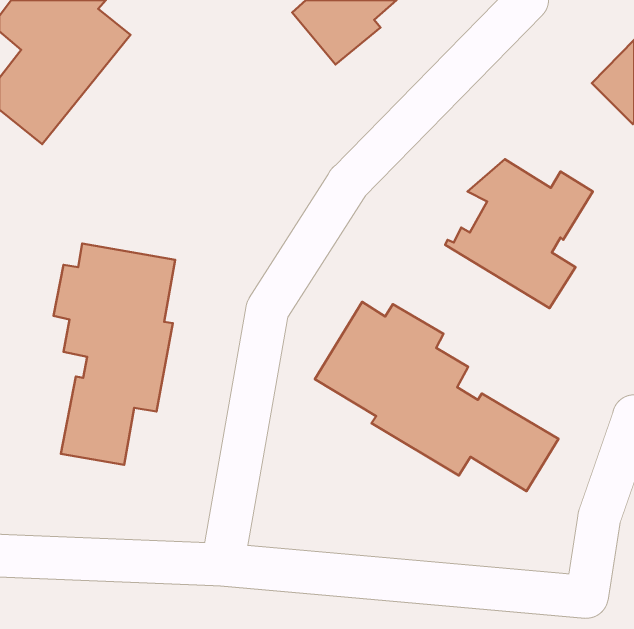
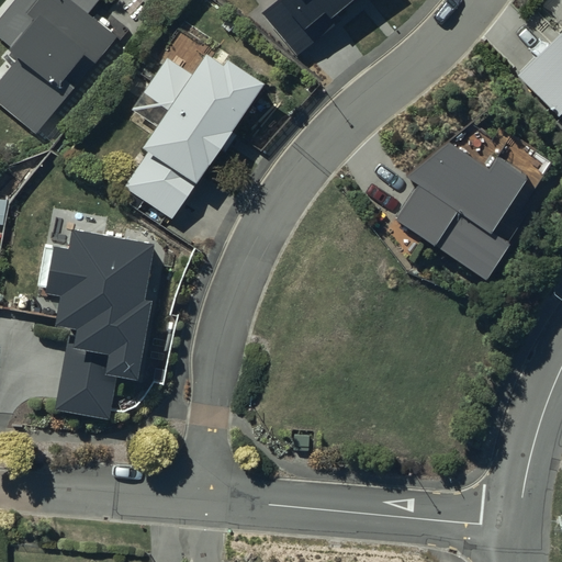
building: none -> [121,44,266,216]
building: [315,302,559,491] -> none

